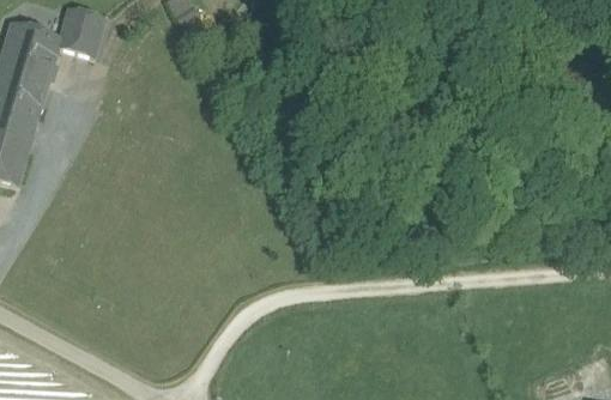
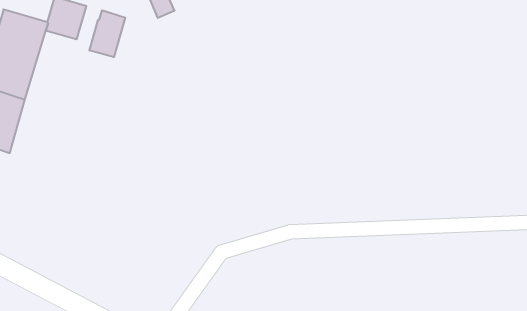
building: none -> [89,10,125,57]

